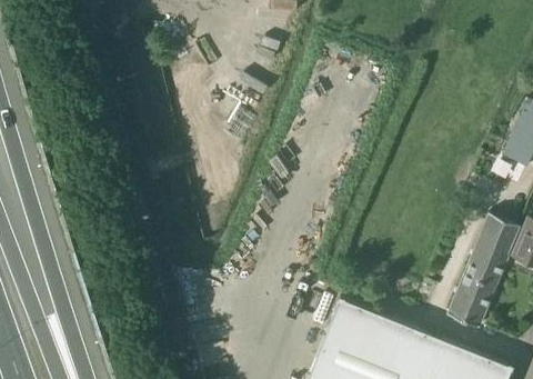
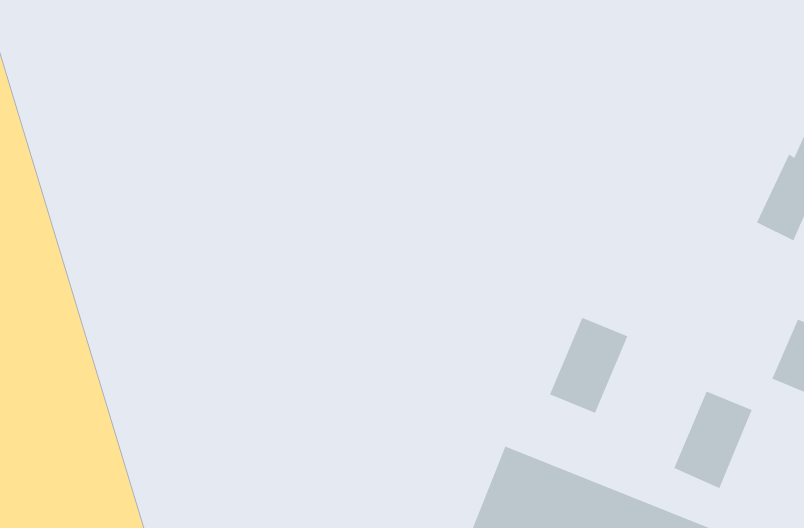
building: [469,213,520,276] -> [549,317,628,414]

